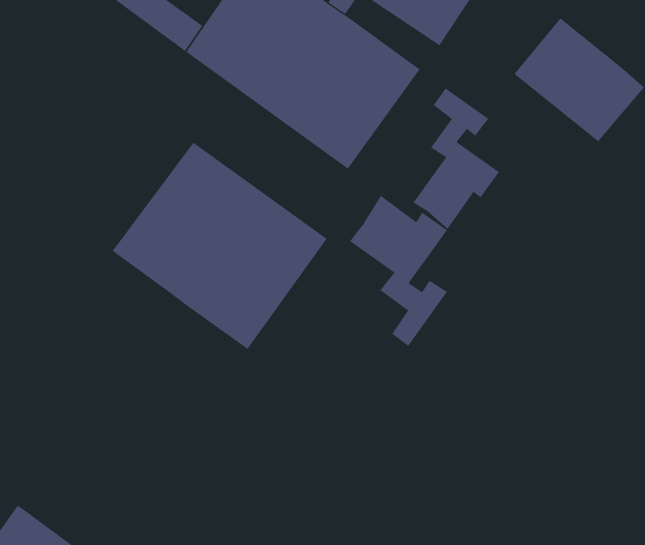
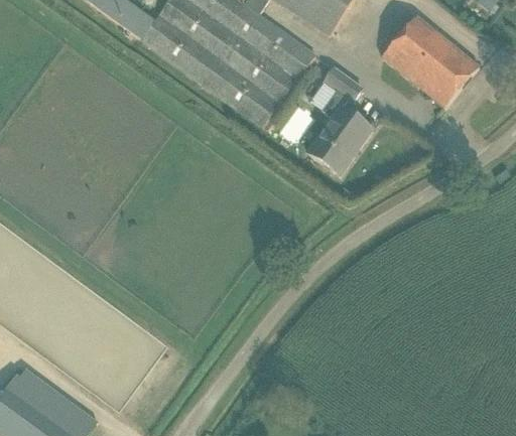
building: [112,142,328,350] -> none
building: [349,195,448,347] -> none

